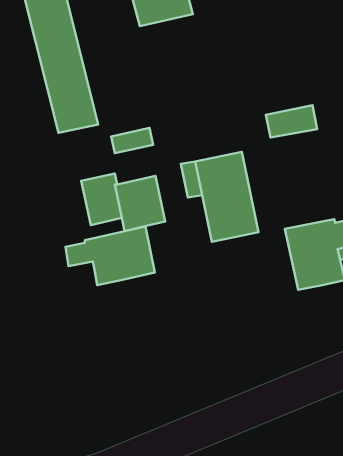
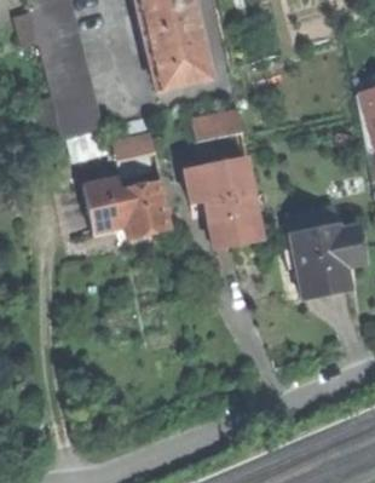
building: none -> [143,18,210,88]
building: [266,105,317,138] -> [191,109,243,142]
building: [65,226,155,285] -> none

